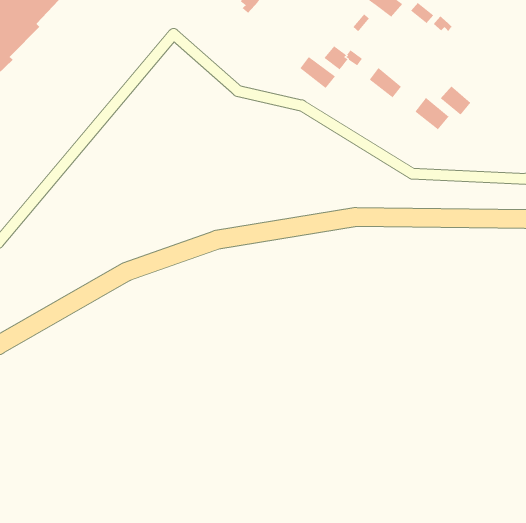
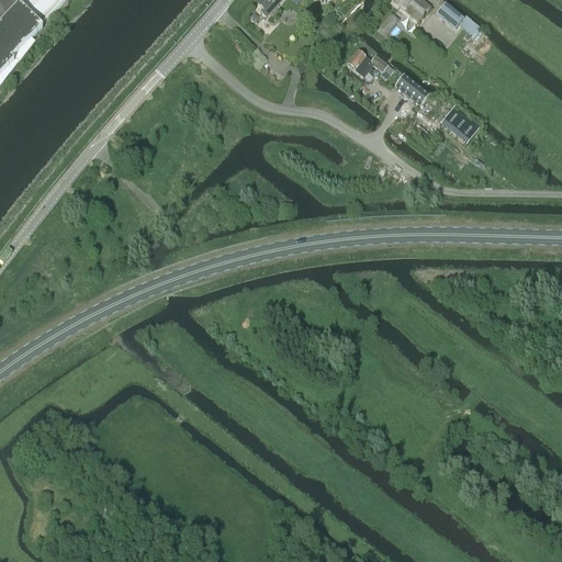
building: [300,56,336,89] -> none
building: [440,85,471,116] -> none

